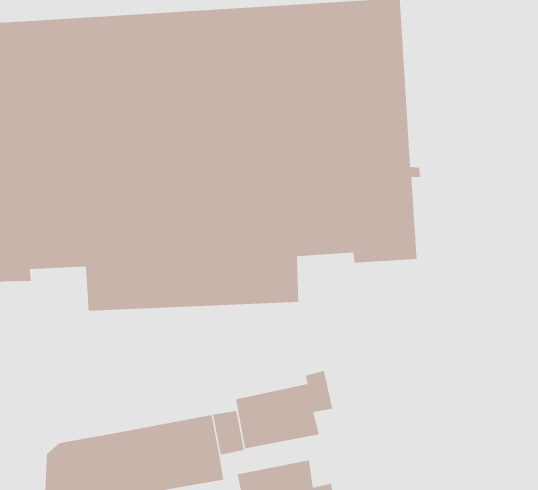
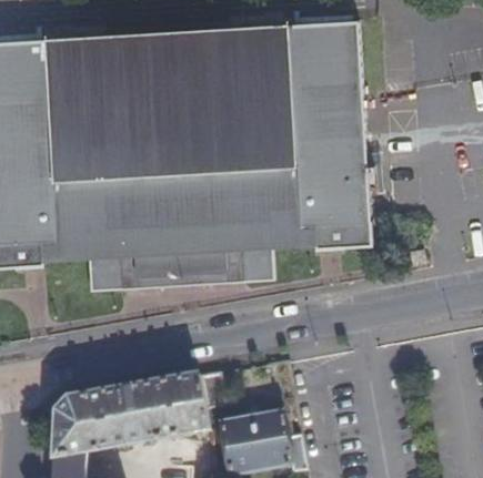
building: [235,370,333,449] -> none

